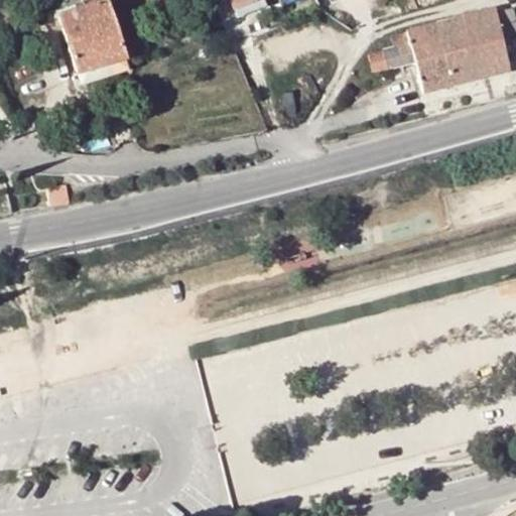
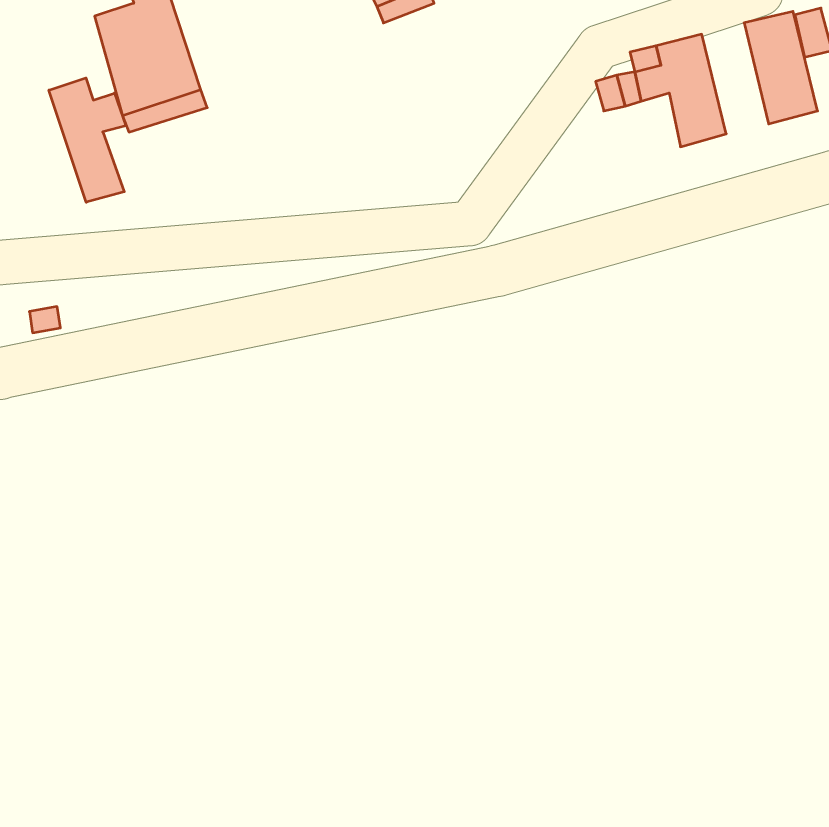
building: [436,14,478,83] -> none
building: none -> [49,78,126,202]

